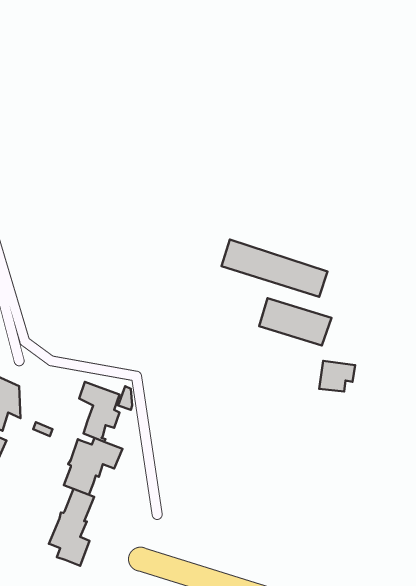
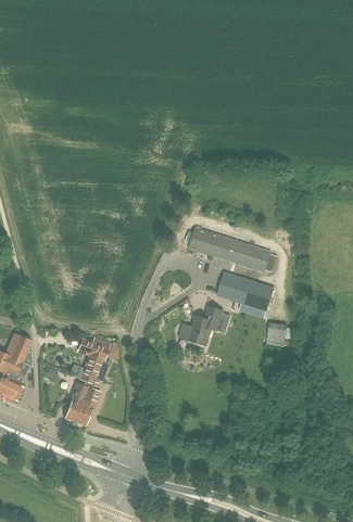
building: none -> [188,306,223,345]
building: [49,489,94,566] -> none

